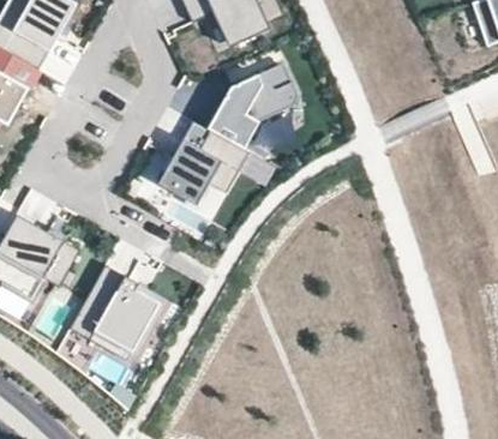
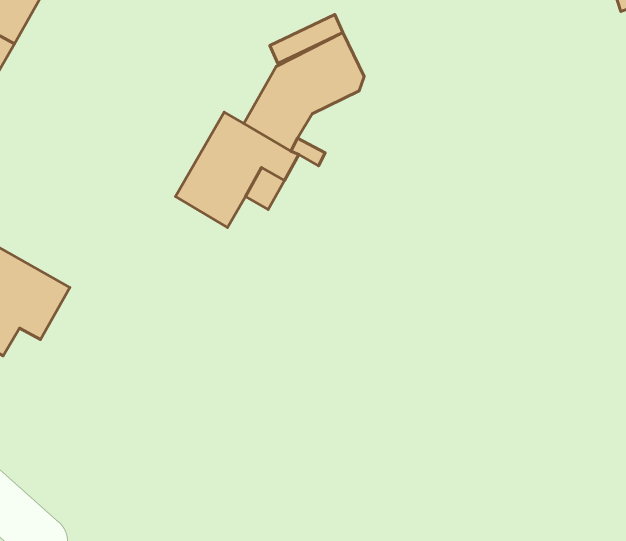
building: [71,265,161,351] -> none

